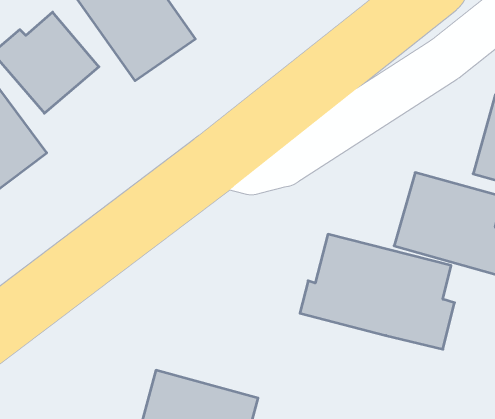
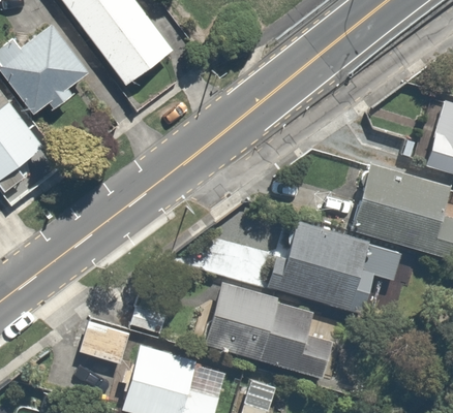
building: none -> [206,280,344,377]
building: none -> [77,319,127,367]

